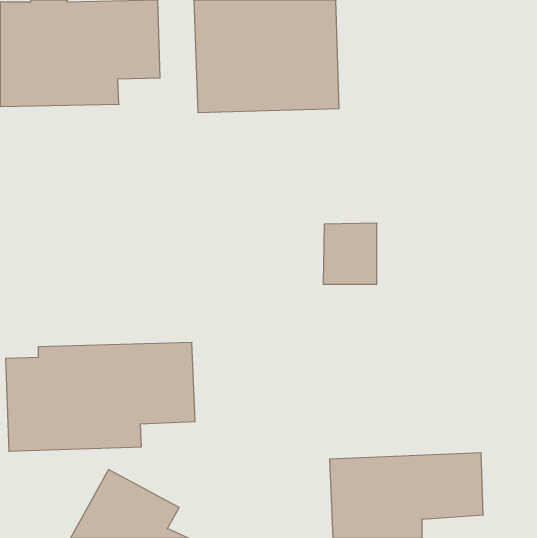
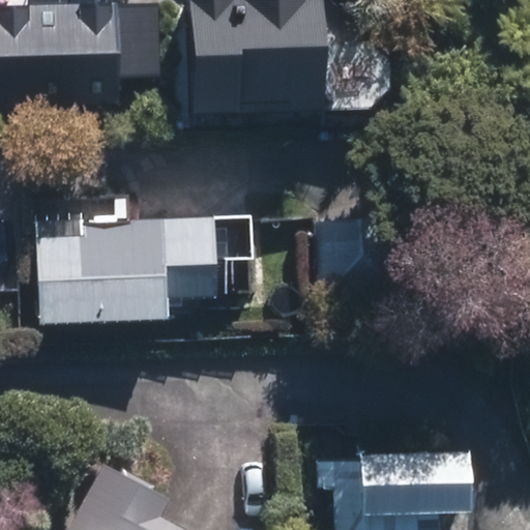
building: [6,343,195,451] -> [35,219,222,326]

